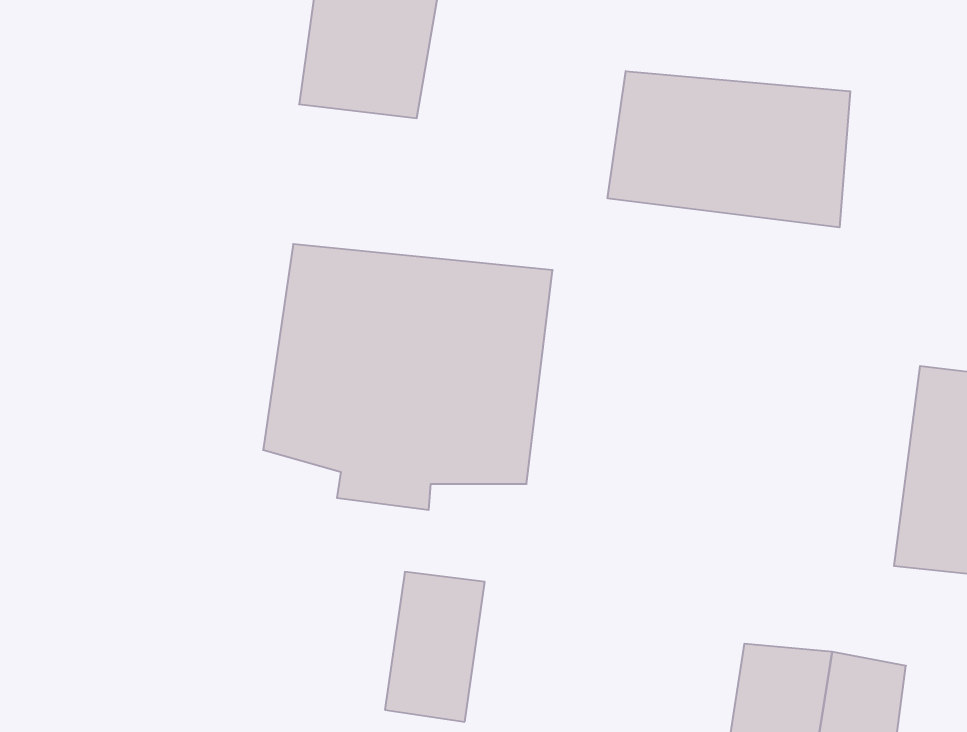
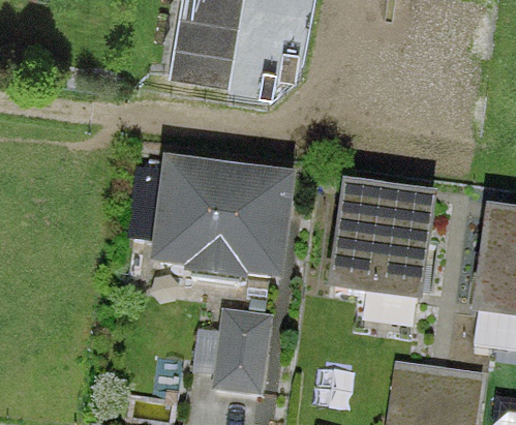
building: [608,71,850,227] -> none
building: none -> [330,177,436,296]

